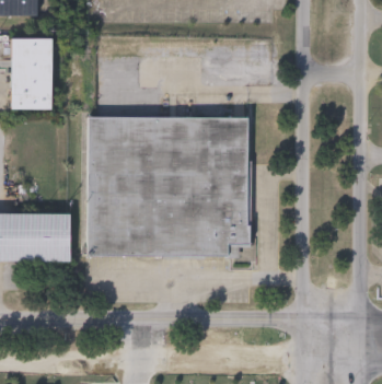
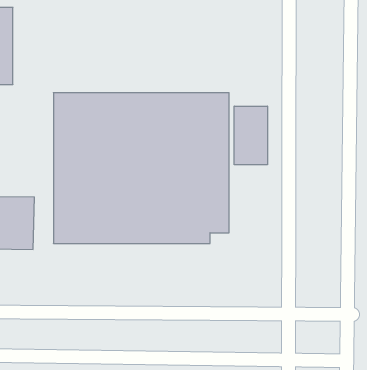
building: none -> [234,106,267,165]

